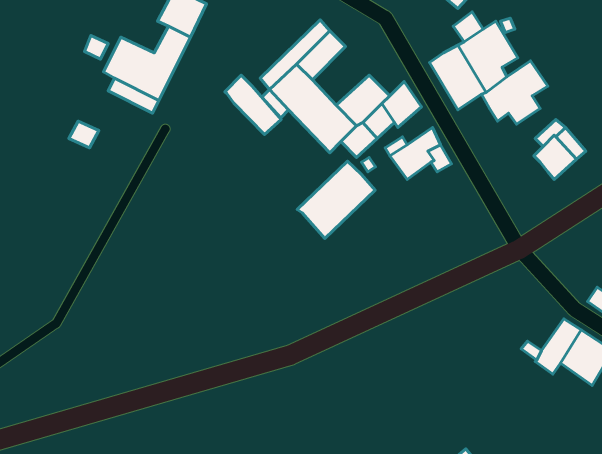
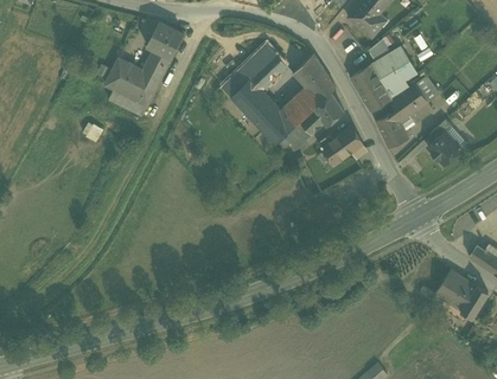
building: none -> [293,53,336,102]
building: [225,75,281,134] -> none
building: none -> [375,111,409,147]
building: [297,161,375,239] -> none

